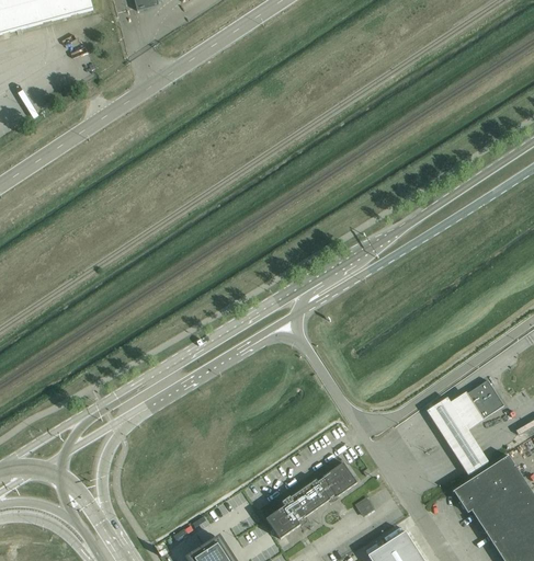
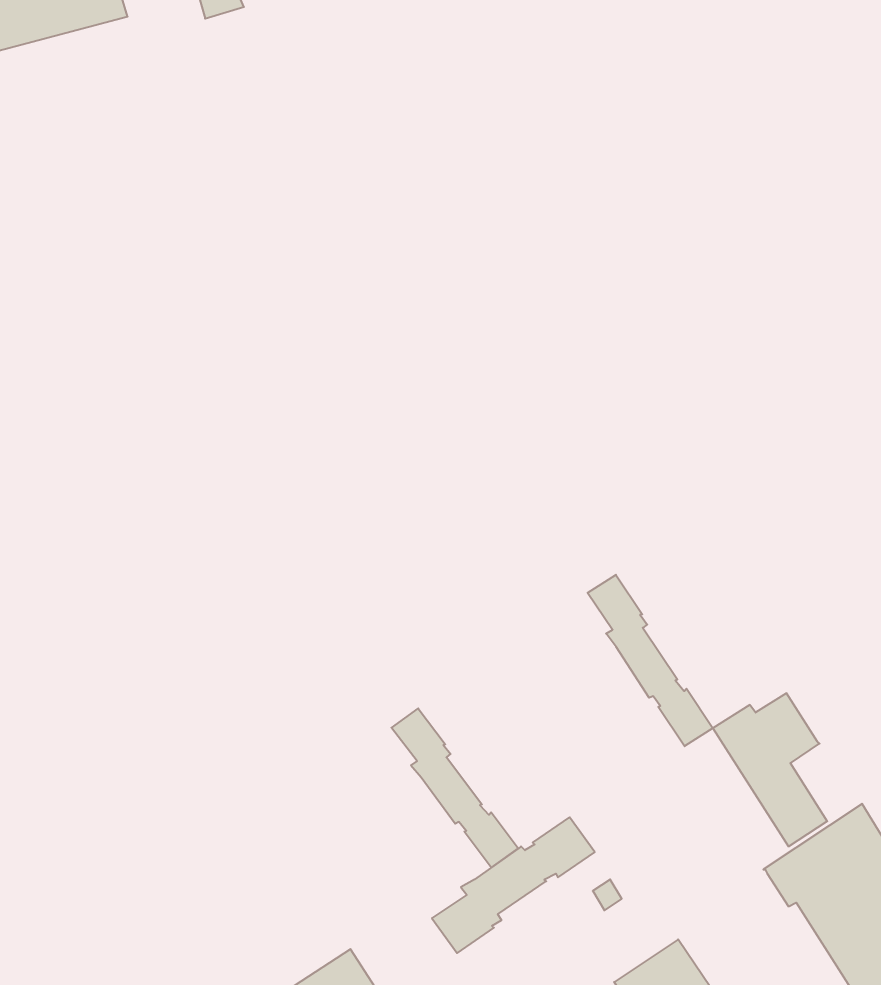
building: none -> [588,575,713,746]
building: [466,379,504,420] -> none
building: none -> [391,708,518,867]

